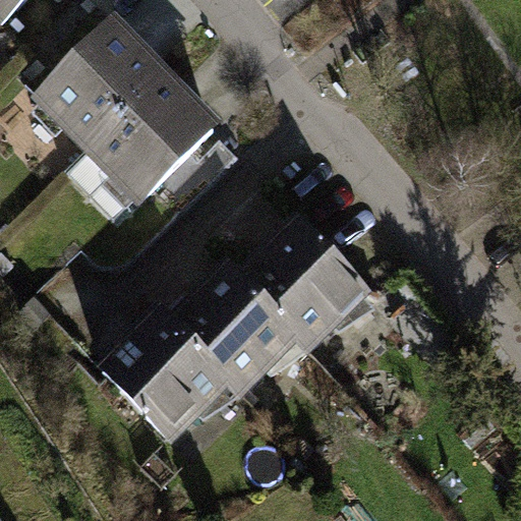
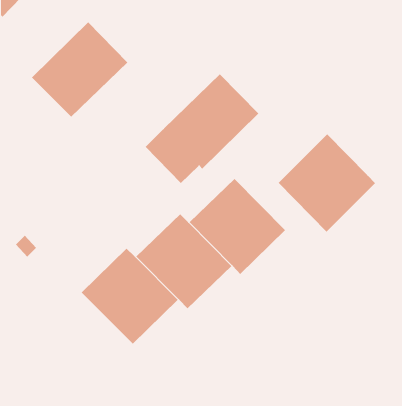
building: [76,79,222,220] -> [145,73,259,184]
building: none -> [278,134,376,232]

